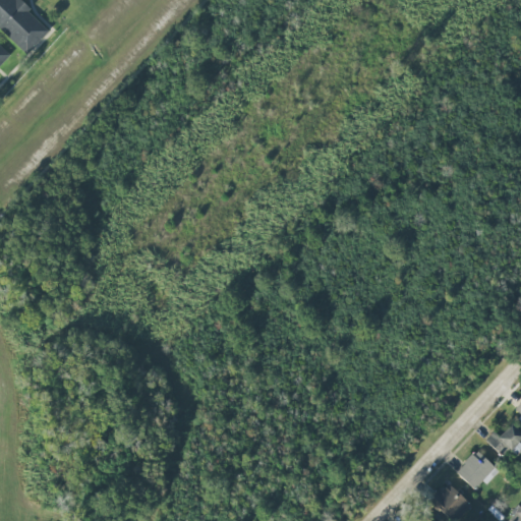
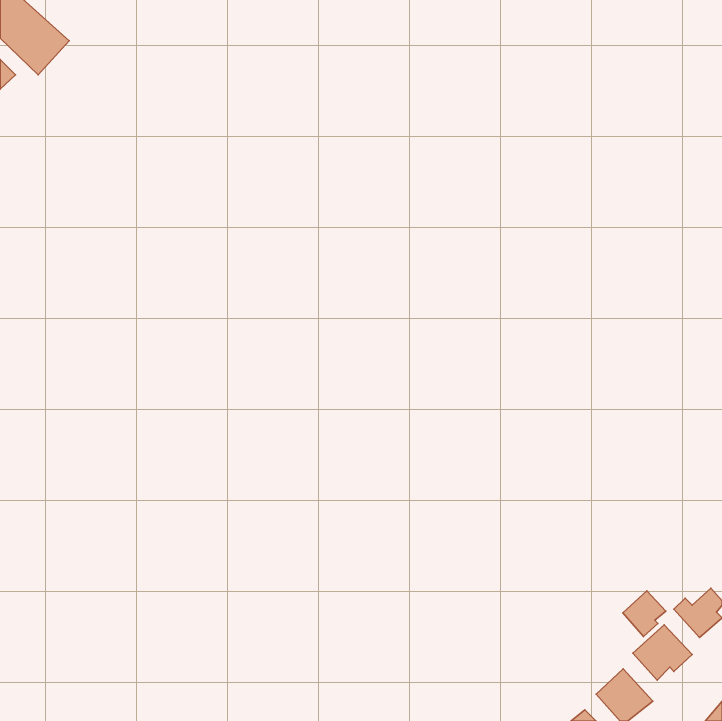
building: none -> [623,591,666,637]

